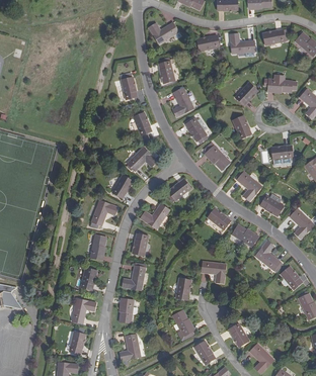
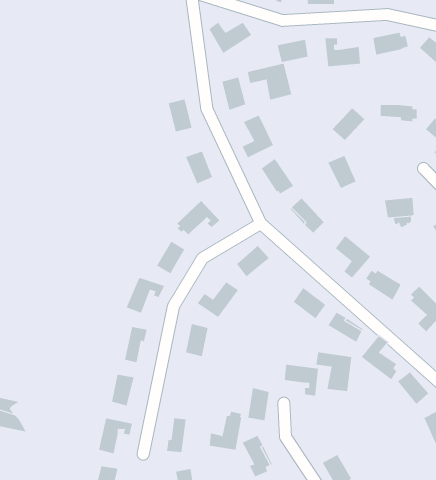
building: none -> [247,63,292,101]
building: none -> [316,352,352,392]
building: [122,263,145,290] -> [209,411,242,450]

